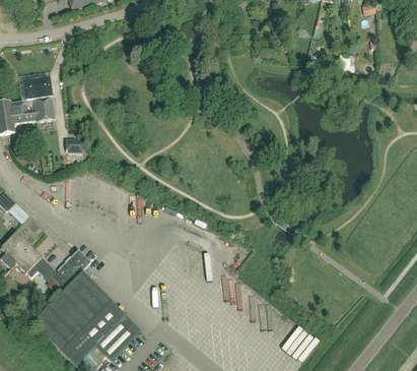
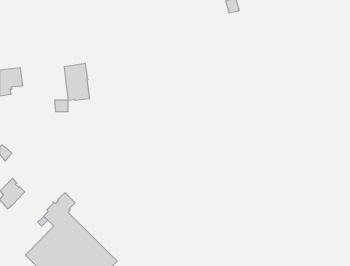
building: [23,77,54,121] -> [64,63,90,100]
building: [16,247,52,276] -> none

